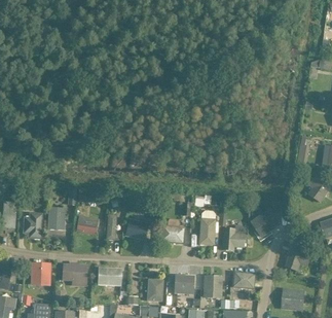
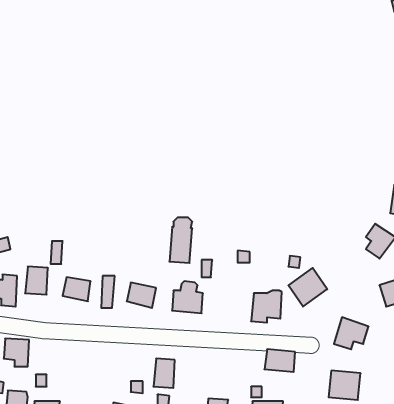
building: [198,211,216,246] -> [169,218,192,263]
building: [62,264,87,281] -> none
building: [97,268,121,286] -> none
building: [174,275,194,294] -> none
building: [202,276,222,298] -> none

